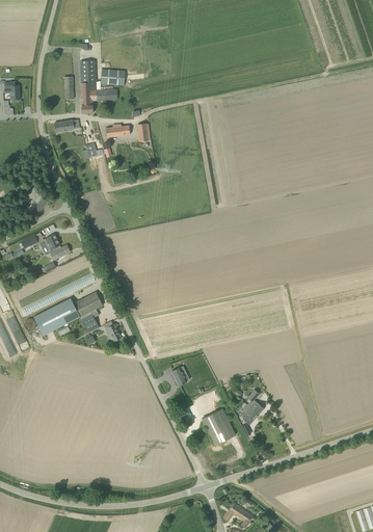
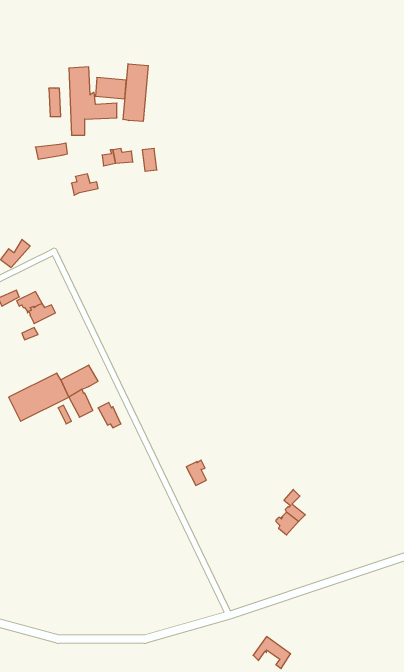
building: none -> [123,64,148,121]
building: [202,408,236,445] -> none

